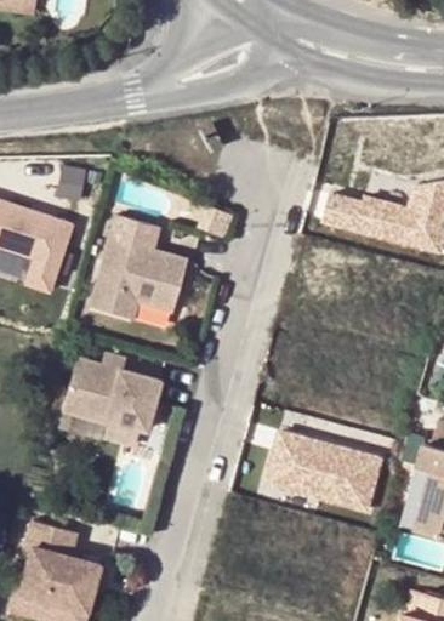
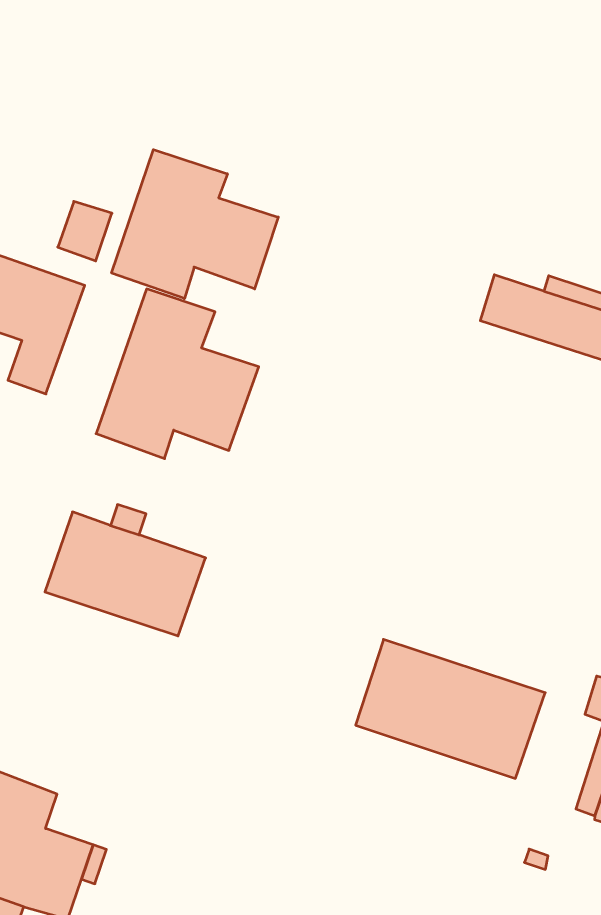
building: none -> [112,150,278,299]

